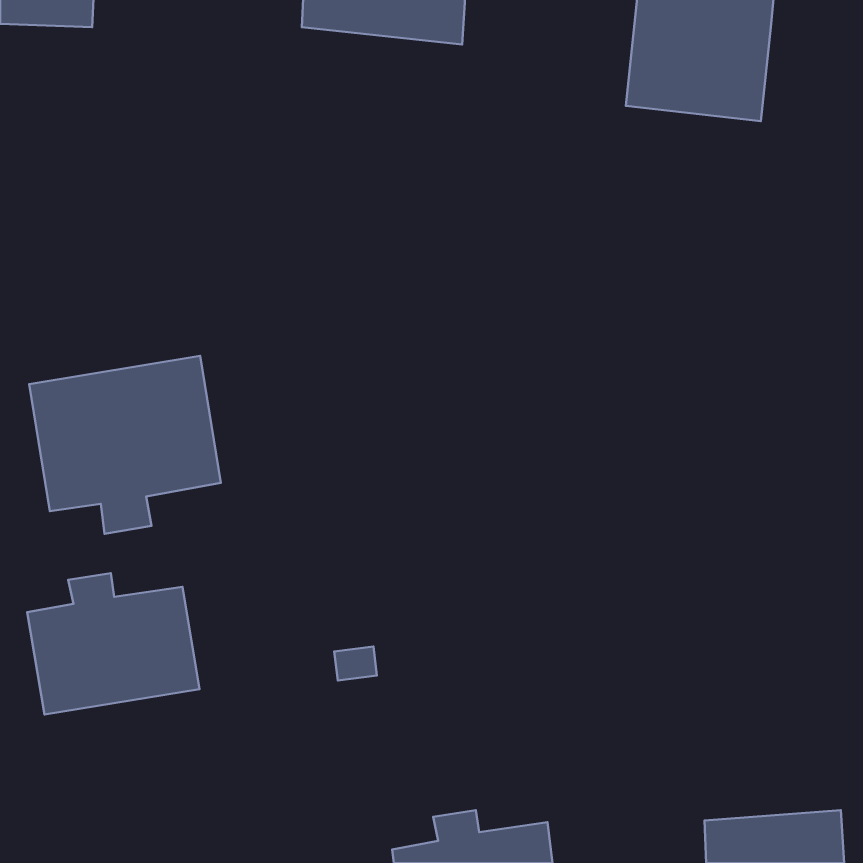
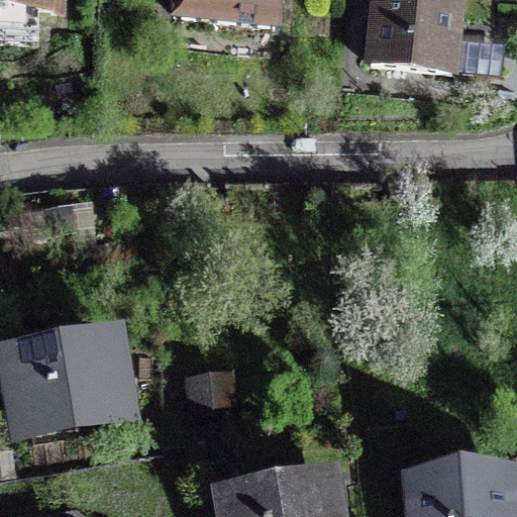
building: [29,356,221,534] -> none

